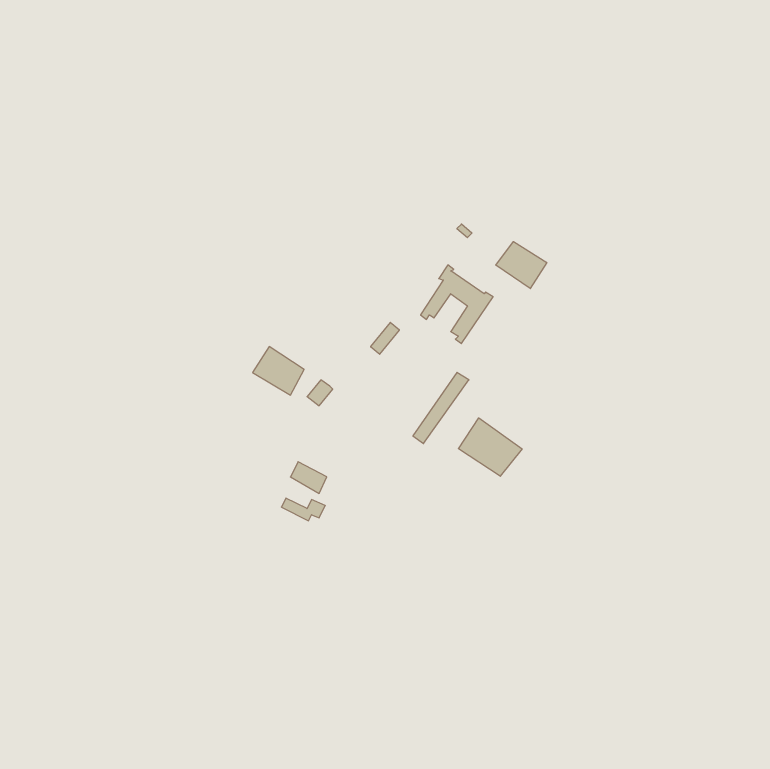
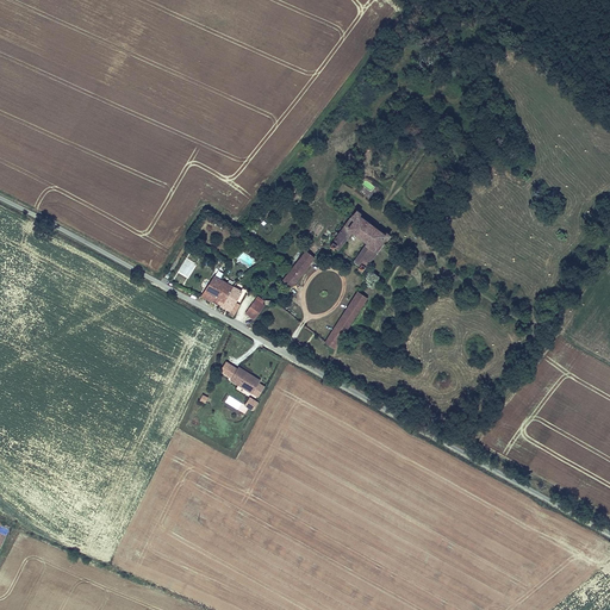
building: [496,242,547,289] -> none
building: [458,418,522,476] -> none

